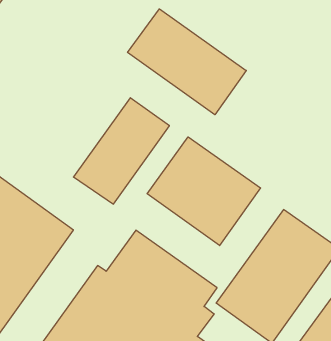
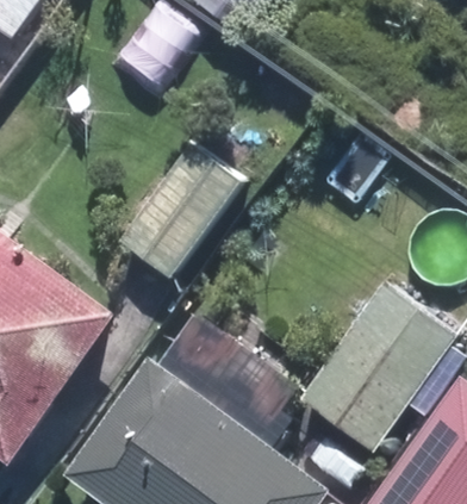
building: [128,9,246,115] -> none
building: [147,137,261,246] -> none

